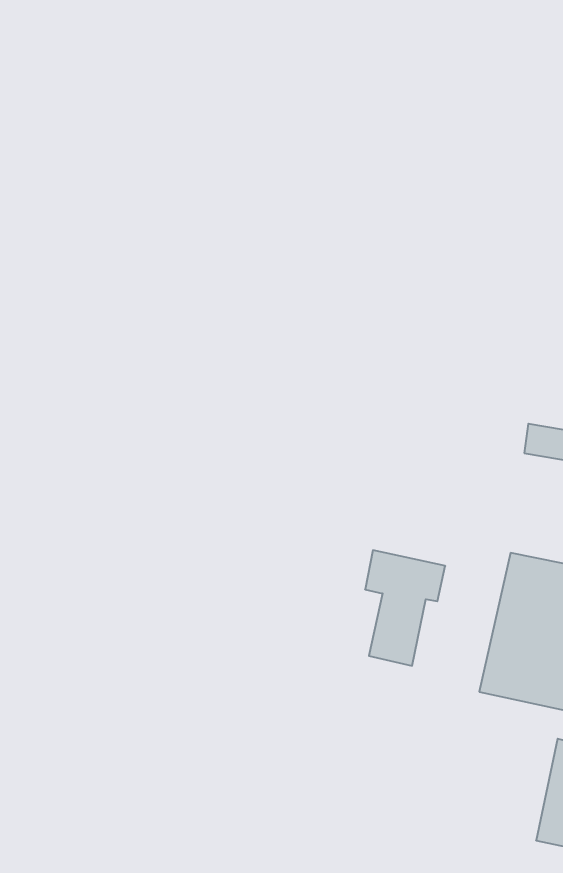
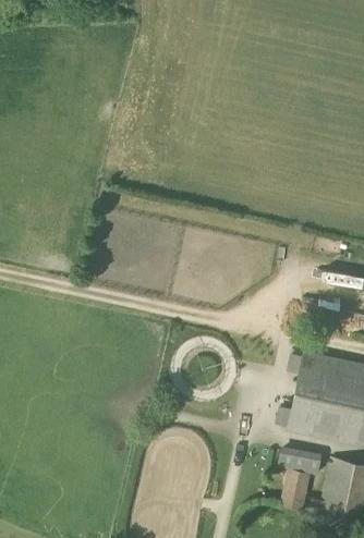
building: [365,550,445,666] -> [277,447,321,511]

